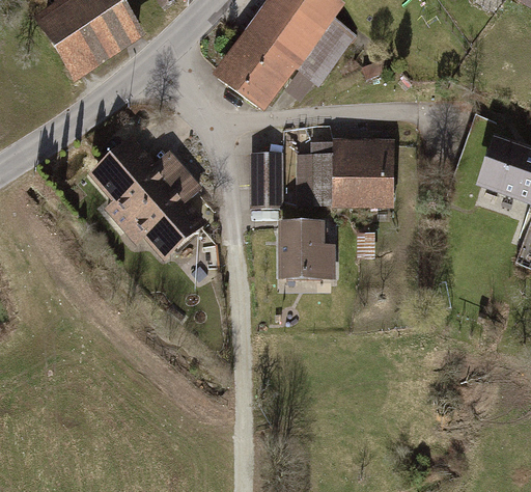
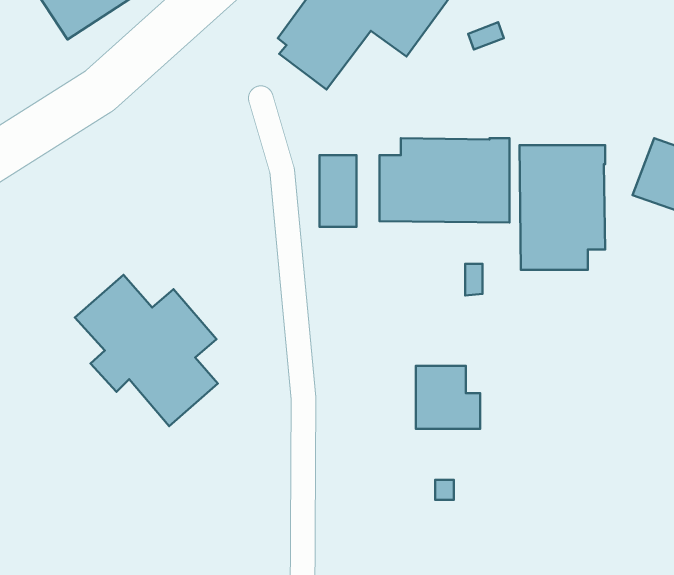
building: [95,143,199,253] -> [75,275,218,426]
building: none -> [519,145,605,270]
building: [283,227,330,273] -> [416,366,480,429]

